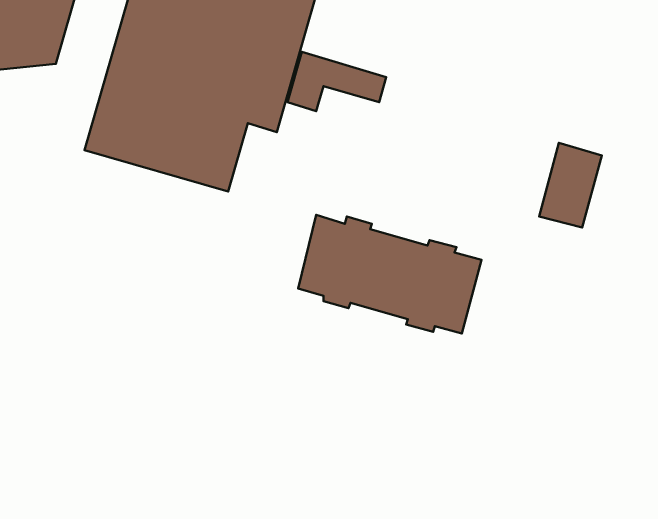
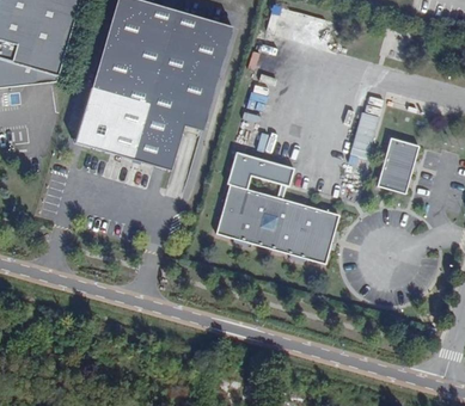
building: [287,52,386,111] -> [230,149,295,189]
building: none -> [354,109,381,149]

